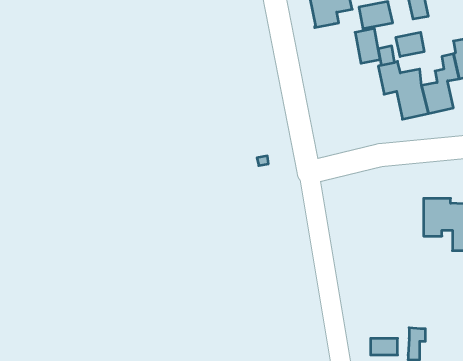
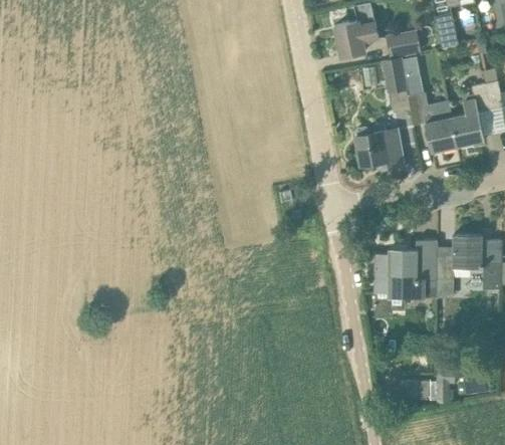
building: [396,32,424,57] -> none
building: none -> [354,127,404,170]
building: none -> [374,239,437,297]

